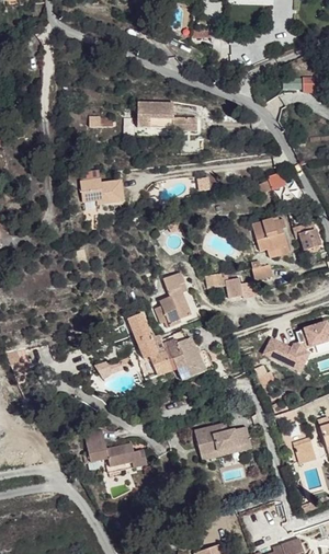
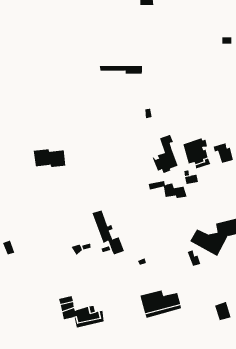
building: [138,101,175,117] -> none
building: [77,177,122,203] -> [33,149,66,168]
building: [155,272,191,325] -> [152,134,179,174]
building: [162,330,207,379] -> none

